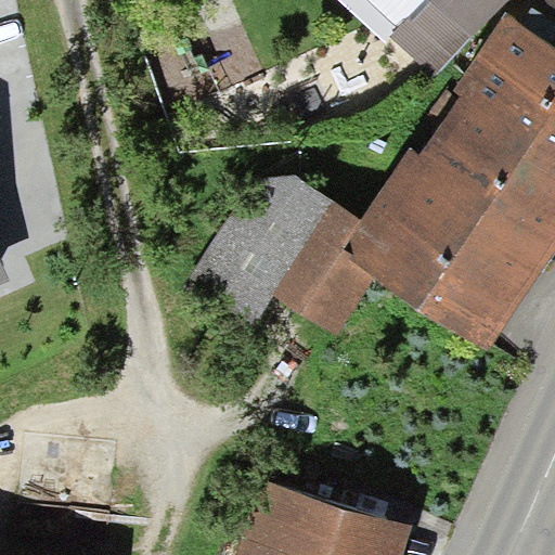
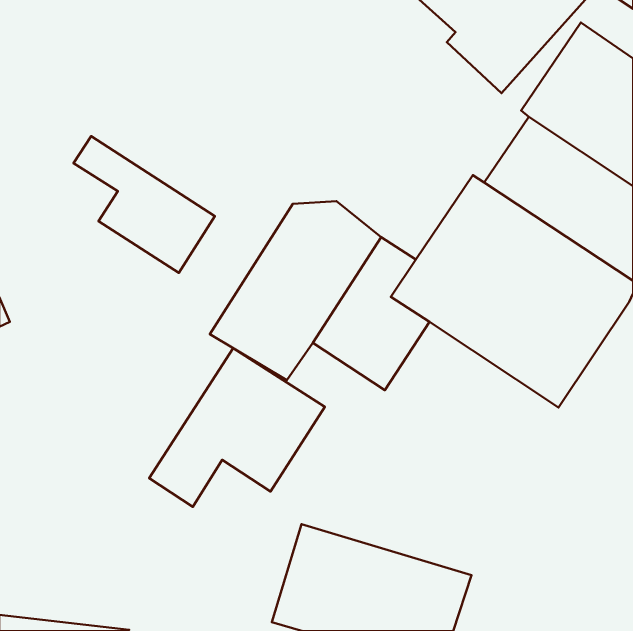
building: none -> [74,136,215,273]
building: none -> [149,348,325,507]

